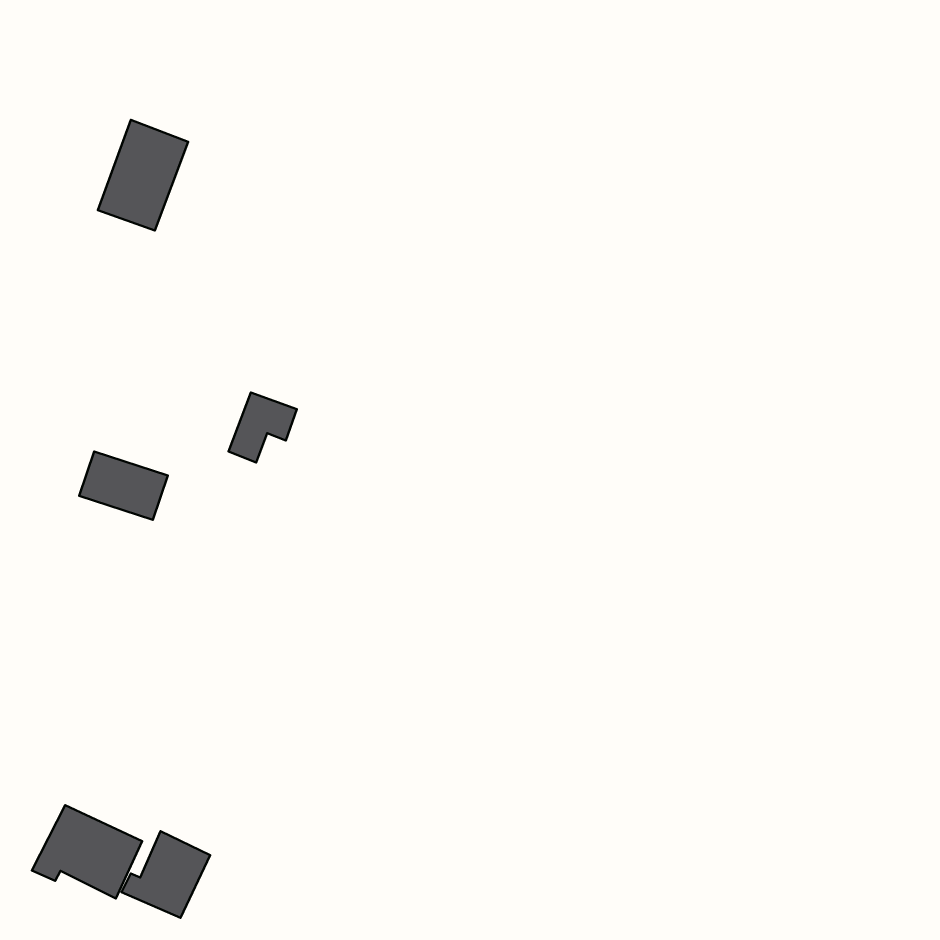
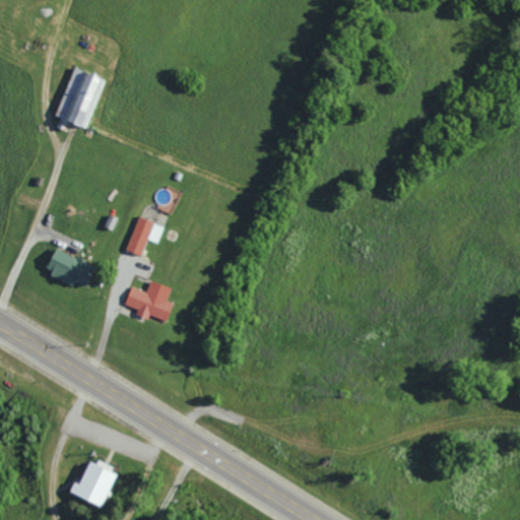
building: none -> [124,281,173,323]
building: [32,805,142,899] -> none

